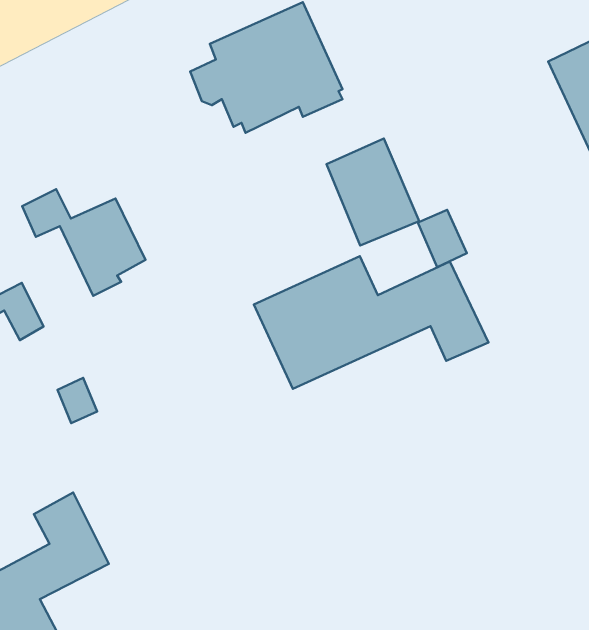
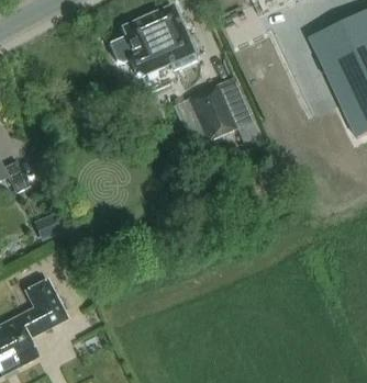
building: [22,189,146,296] -> none
building: [254,256,488,389] -> none

